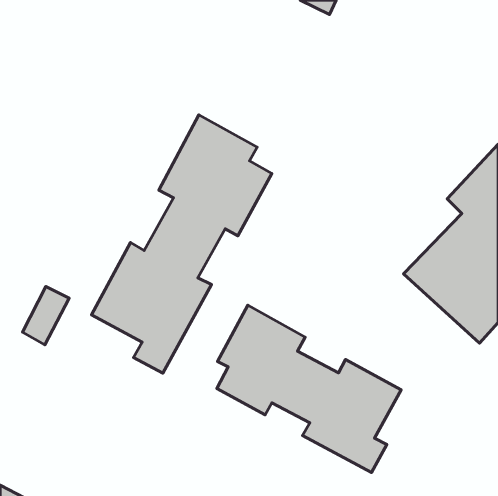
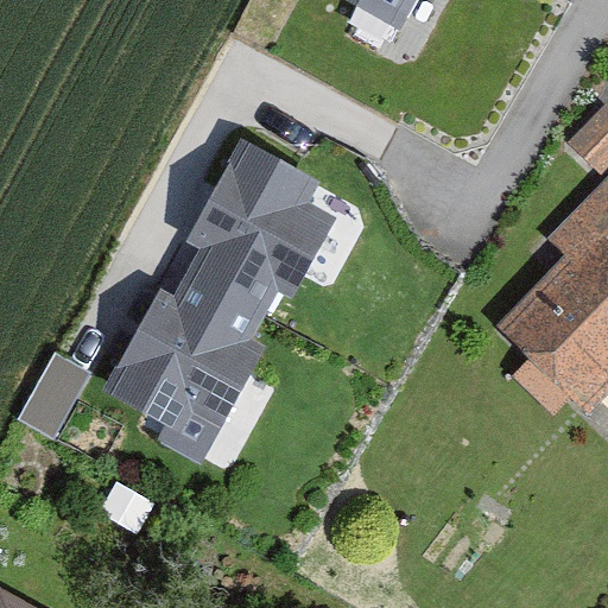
building: [217,305,401,472] -> none

